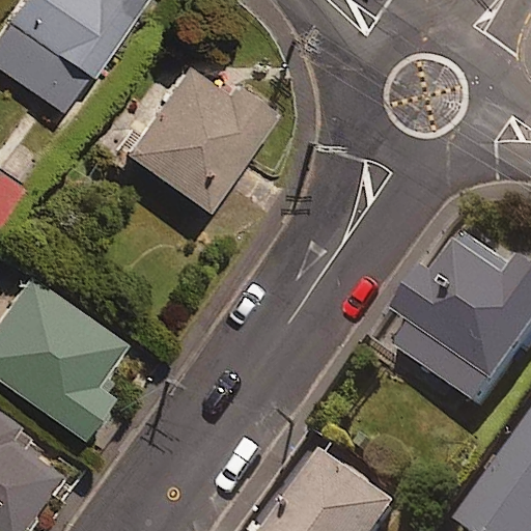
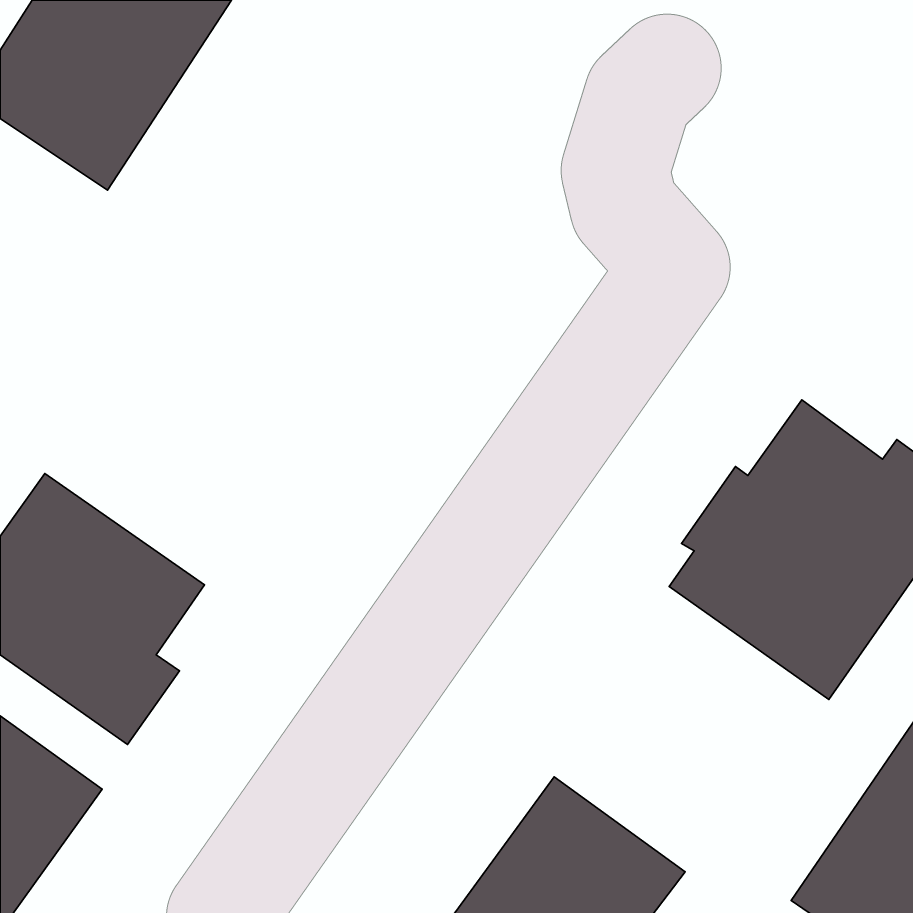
building: [124,63,273,207] -> none

